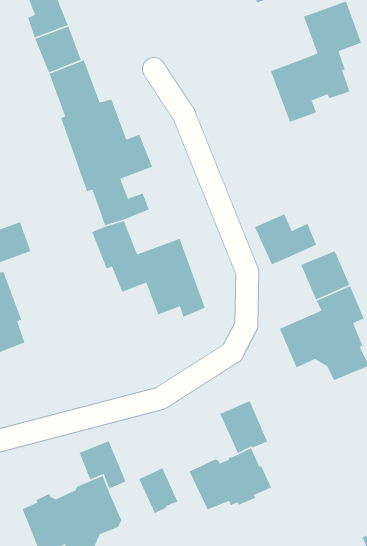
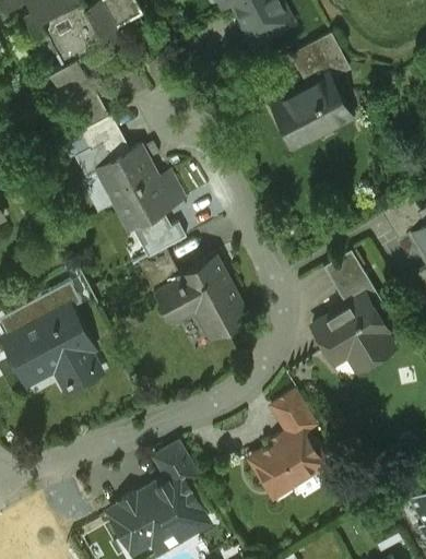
building: [254,213,317,265] -> none
building: [138,467,179,514] -> none

